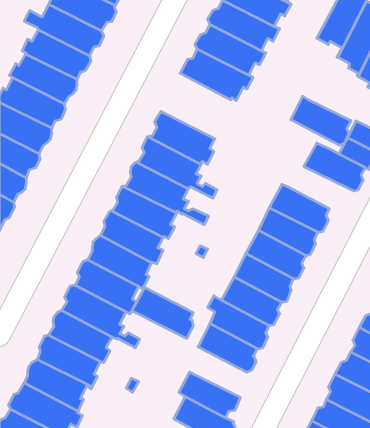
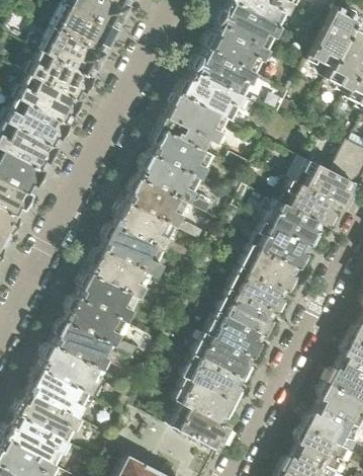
building: none -> [159,93,225,156]
building: [291,96,351,145] -> [279,179,337,226]
building: [132,287,193,338] -> [182,354,241,403]

